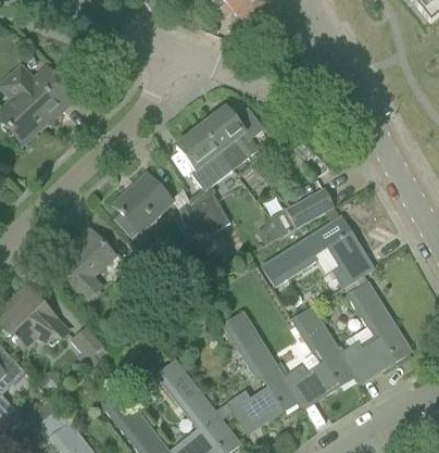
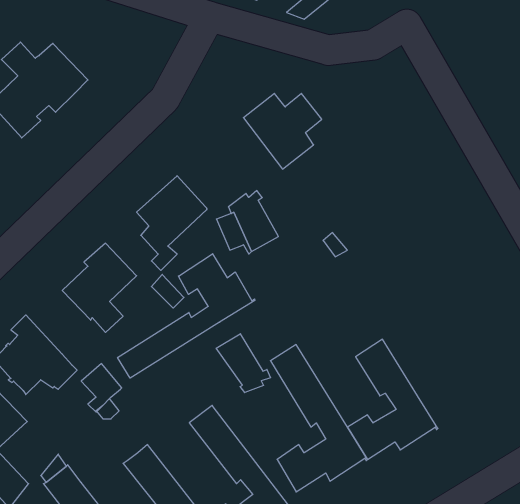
building: [175,127,233,191] -> none
building: [283,188,334,229] -> none
building: [261,215,367,287] -> none
building: none -> [118,254,255,378]
building: [340,281,411,377] -> none
building: none -> [216,334,270,393]

